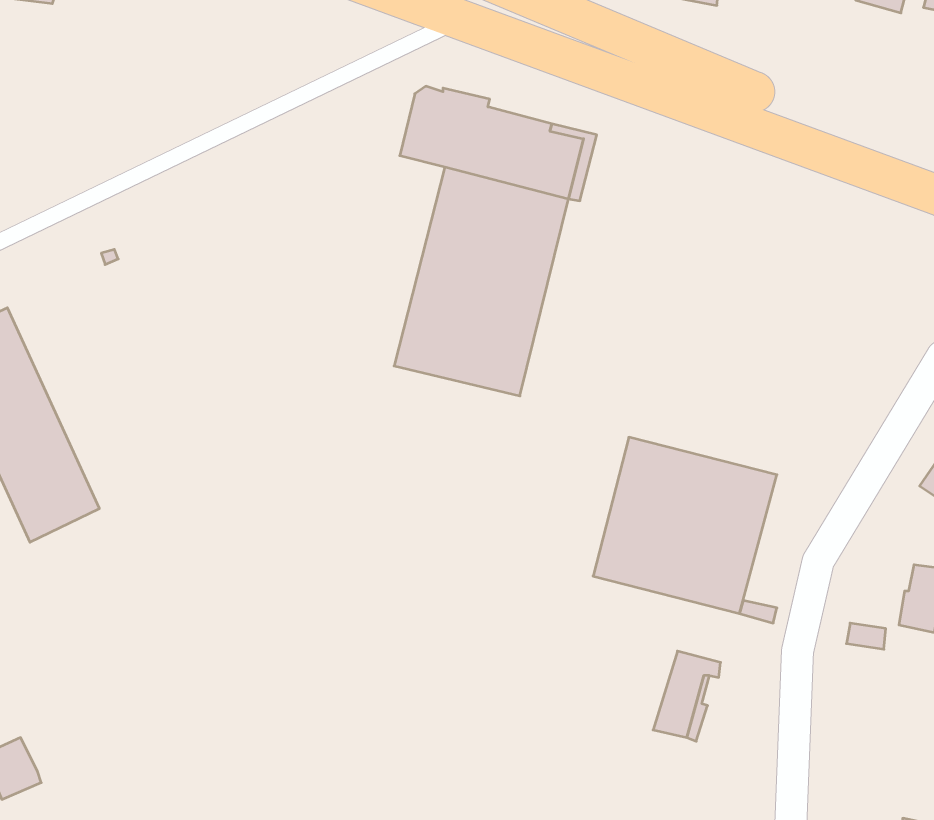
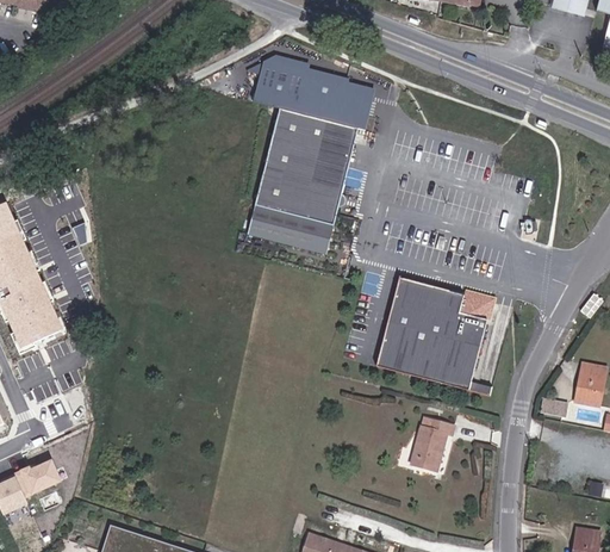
building: none -> [12,454,58,492]

